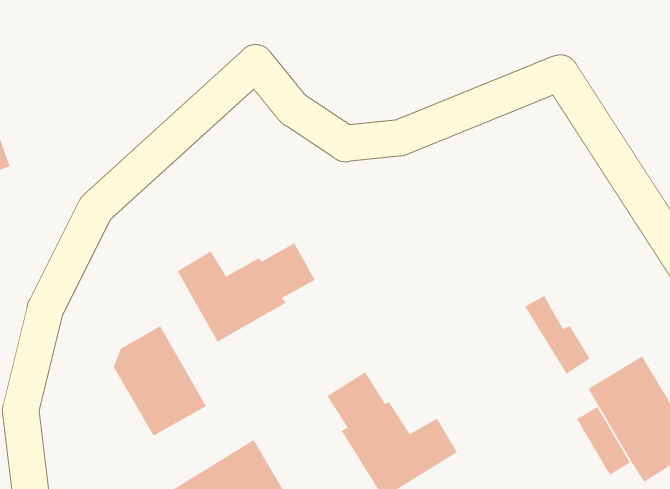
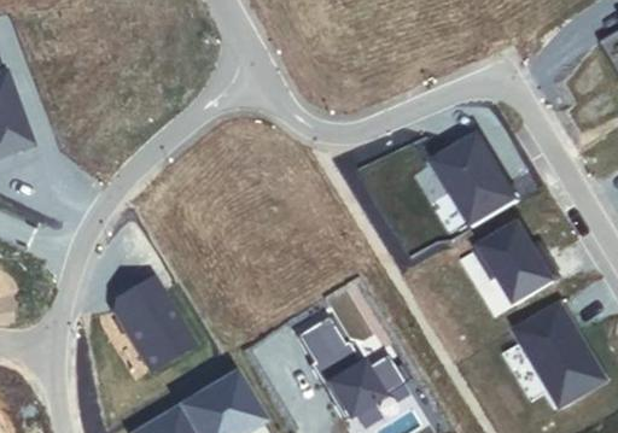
building: none -> [433,134,518,227]
building: [177,243,315,342] -> none
building: none -> [477,221,560,303]

